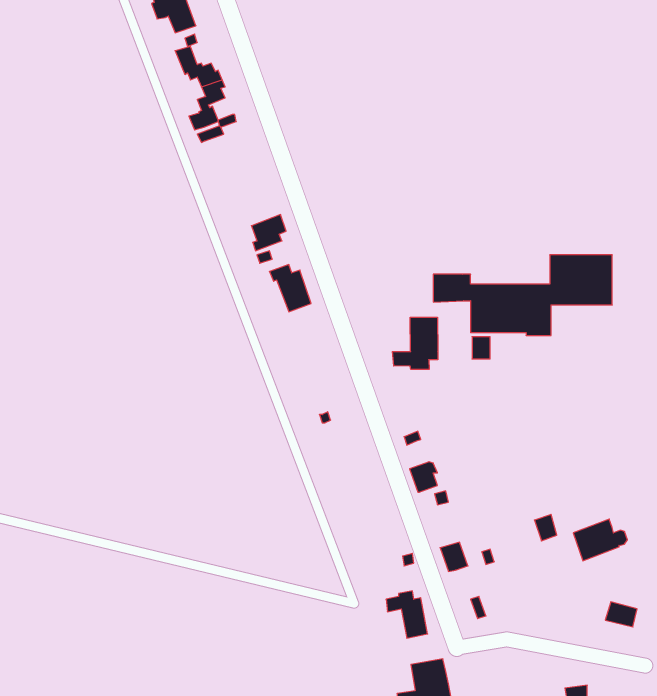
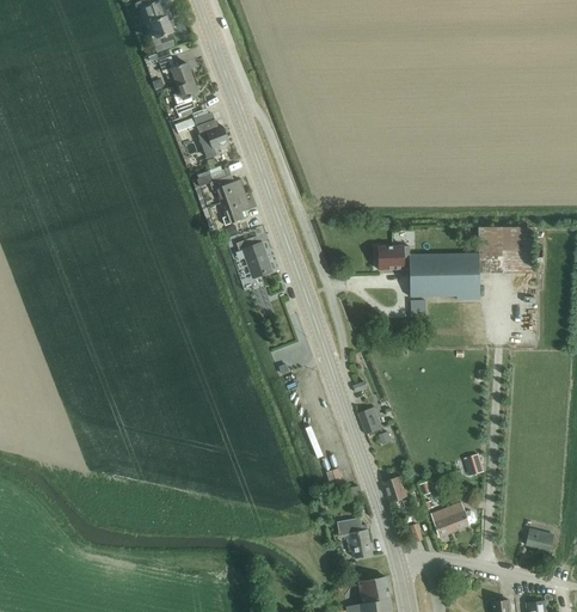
building: none -> [197,121,231,157]
building: none -> [197,169,246,203]
building: [392,317,438,369] -> none
building: [573,519,627,561] -> [430,501,477,537]

